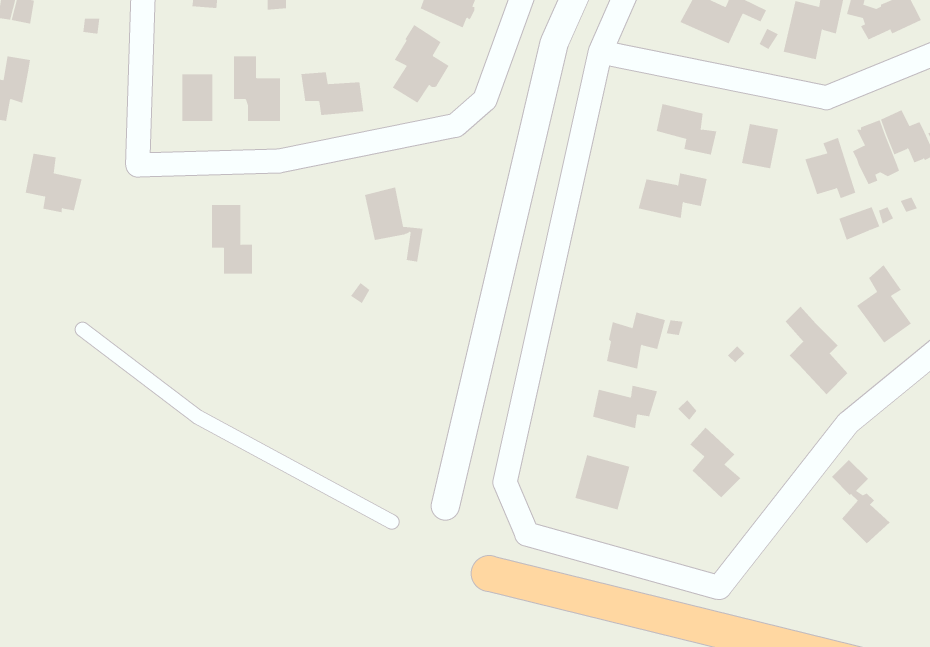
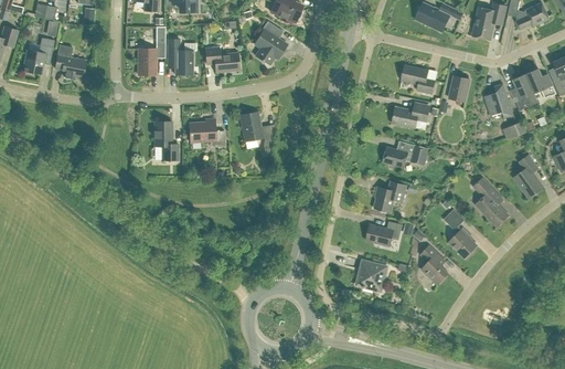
building: [25,153,82,213] -> [54,45,86,78]
building: none -> [189,118,225,146]
building: none -> [383,143,429,167]
building: [831,459,891,544] -> [444,209,477,256]

